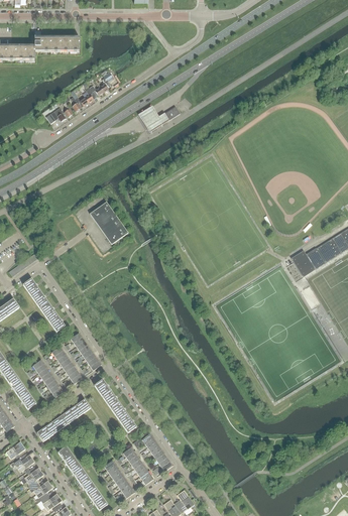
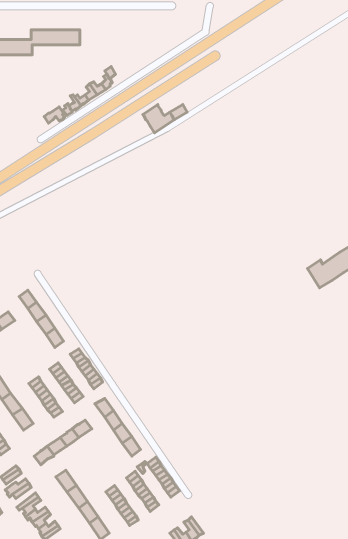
building: [90,202,128,244] -> none

